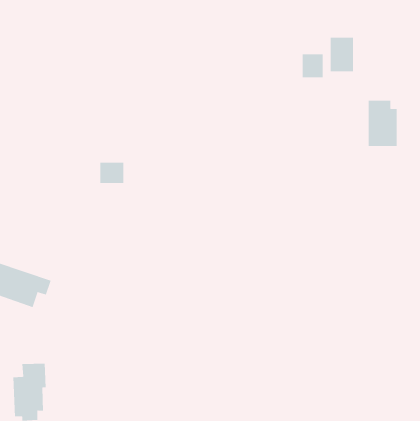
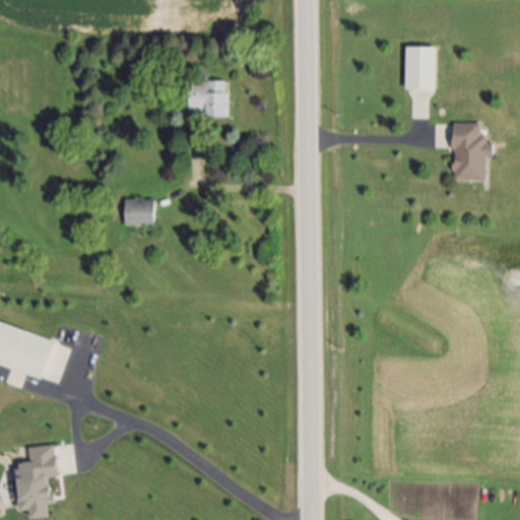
building: [302,53,323,78] -> none
building: none -> [188,80,226,118]

